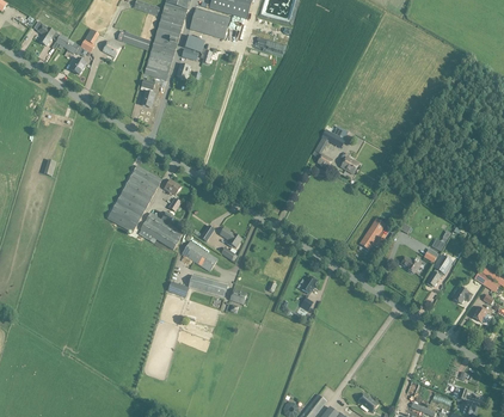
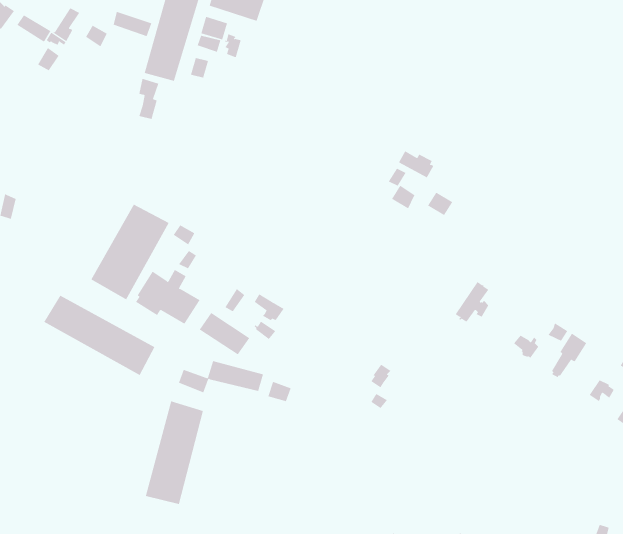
building: none -> [44,295,155,376]
building: none -> [145,401,204,505]

